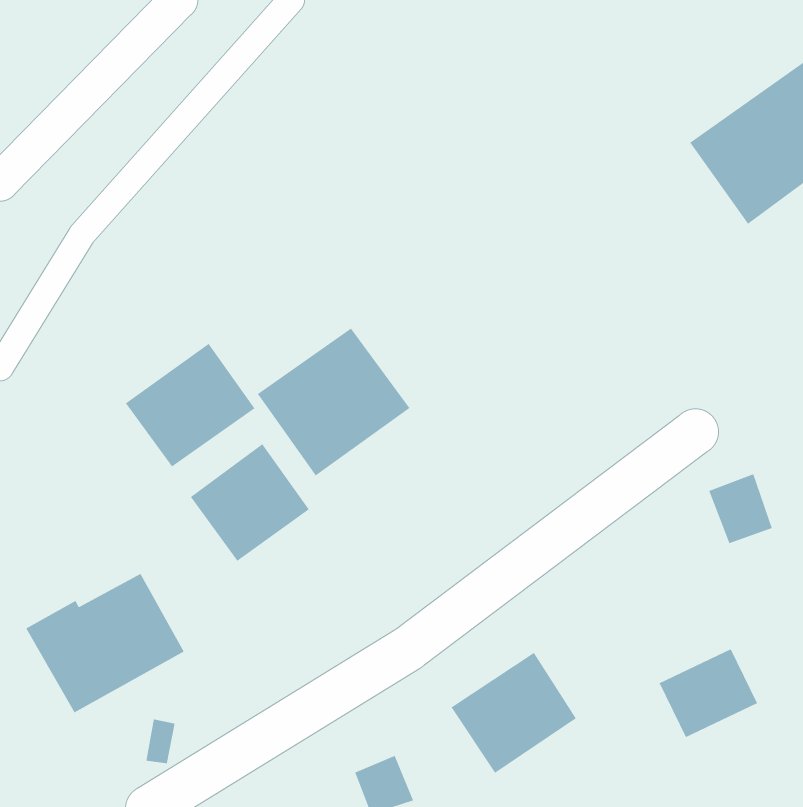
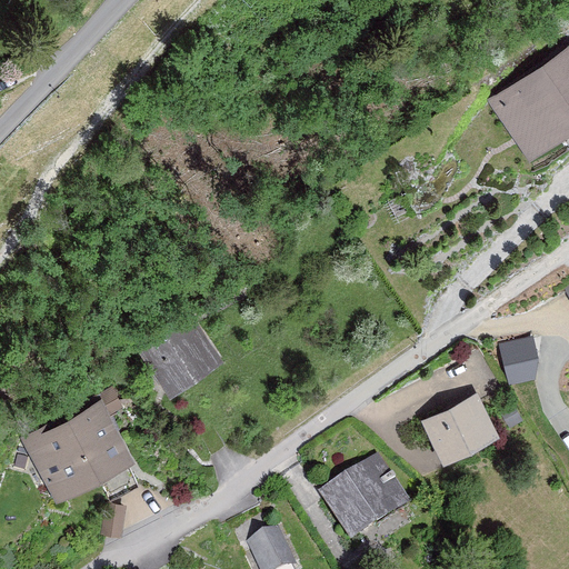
building: [257,327,410,476] -> none
building: [125,343,255,467] -> none
building: [658,648,758,738] -> [427,398,497,461]

